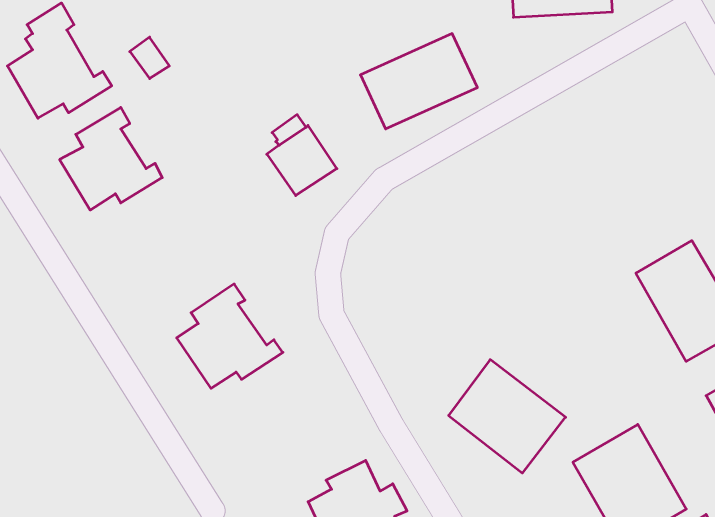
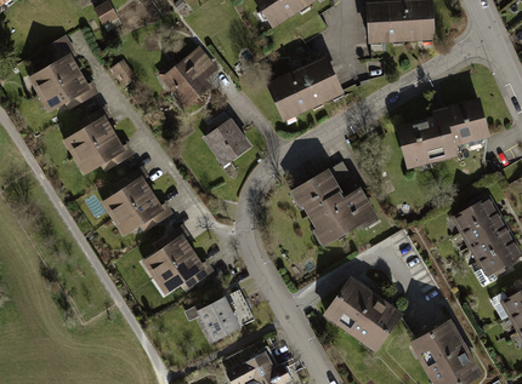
building: none -> [157,47,217,108]
building: none -> [397,98,490,170]
building: none -> [290,160,381,245]
building: none -> [101,166,172,239]
building: none -> [185,291,255,343]

